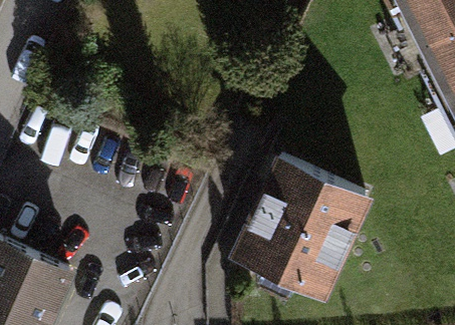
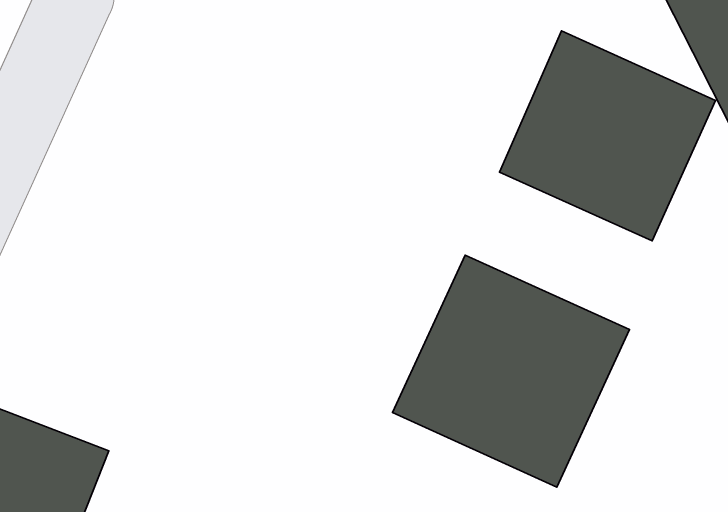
building: none -> [499,31,716,241]

